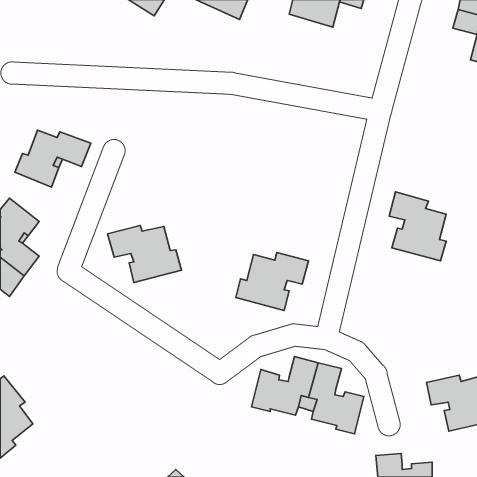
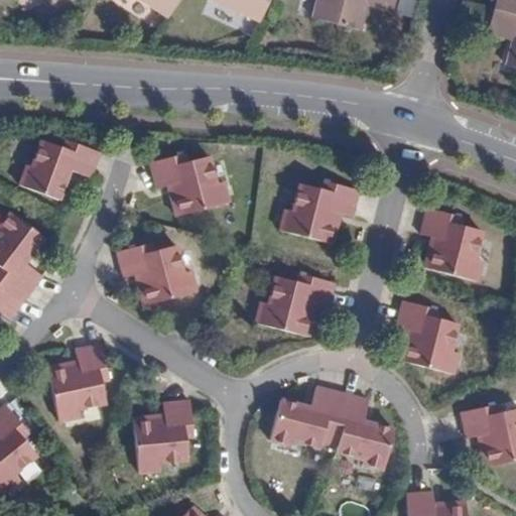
building: none -> [149,154,228,216]
building: none -> [279,180,358,243]
building: none -> [395,298,458,372]
building: none -> [47,345,108,422]
building: none -> [132,399,194,473]

